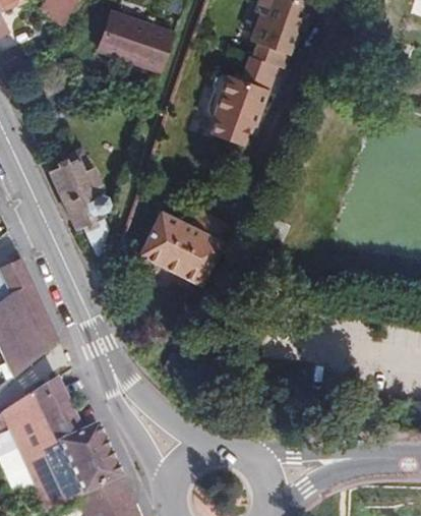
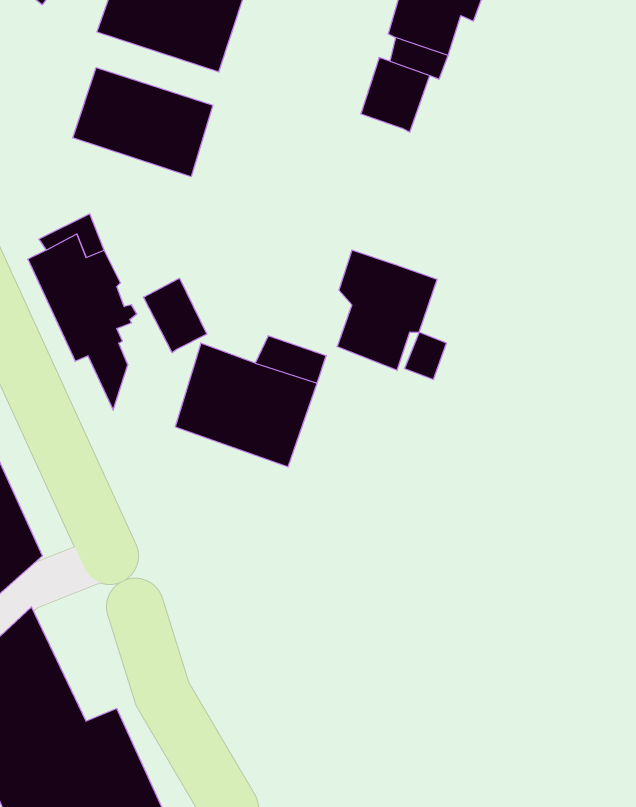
building: none -> [73,68,213,177]
building: [203,83,259,151] -> [337,250,437,370]
building: none -> [143,278,207,353]

